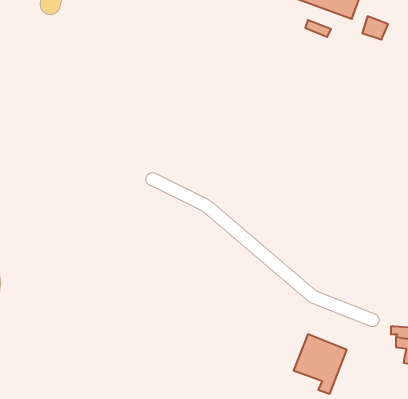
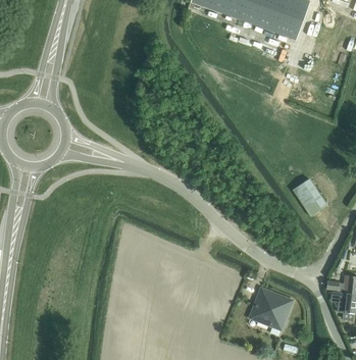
building: none -> [293,177,326,215]

